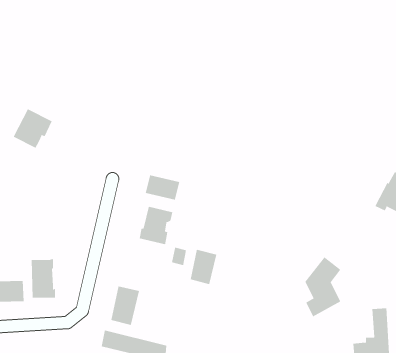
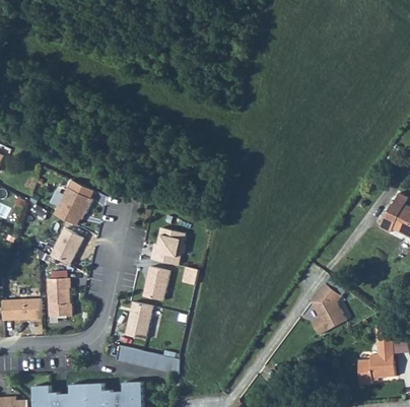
building: [13,109,53,148] -> [53,186,91,224]
building: [145,175,180,201] -> none
building: none -> [50,226,83,264]
building: [190,249,217,285] -> [143,266,169,300]

